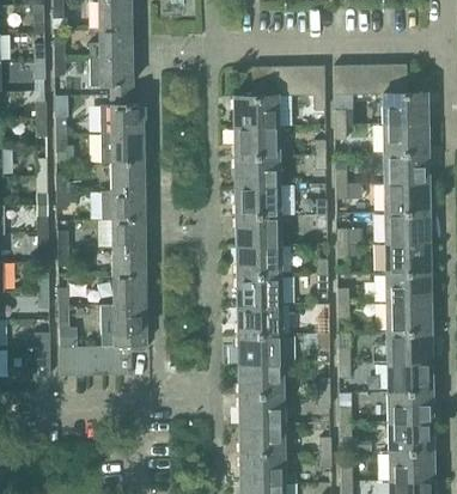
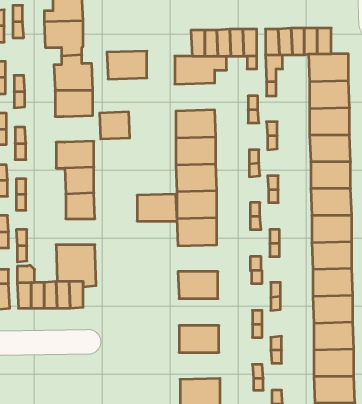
building: [234,126,279,157] -> [107,51,147,79]
building: [111,161,145,191] -> [100,112,130,139]
building: [114,276,146,305] -> none
building: [238,305,282,335] -> [137,194,177,221]
building: [239,365,284,395] -> none
building: [239,425,285,455] -> none

